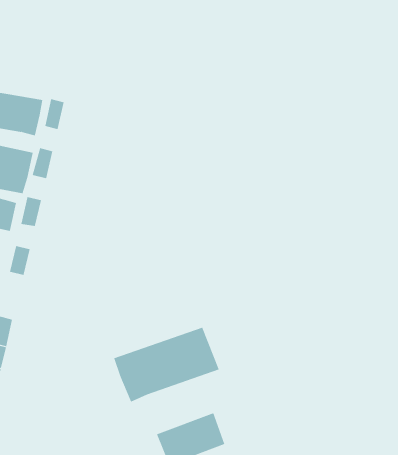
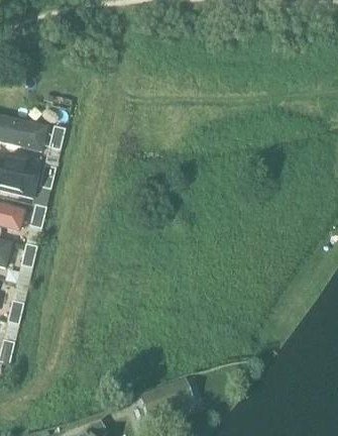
building: [113,327,220,403] -> none

